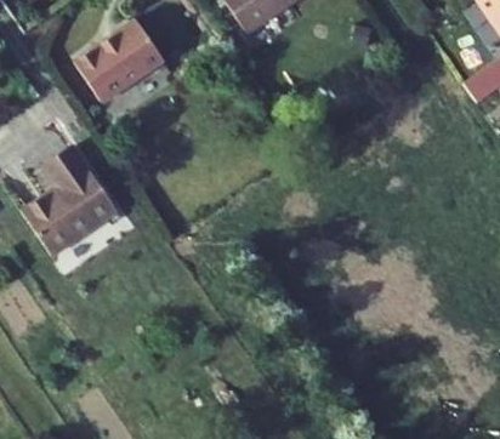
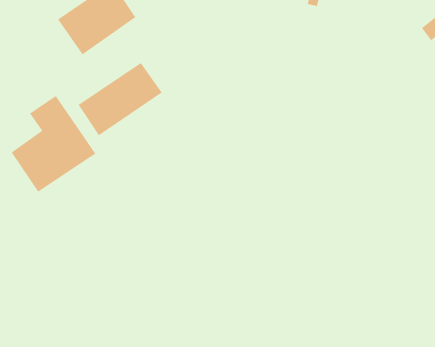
building: none -> [78,62,162,136]

